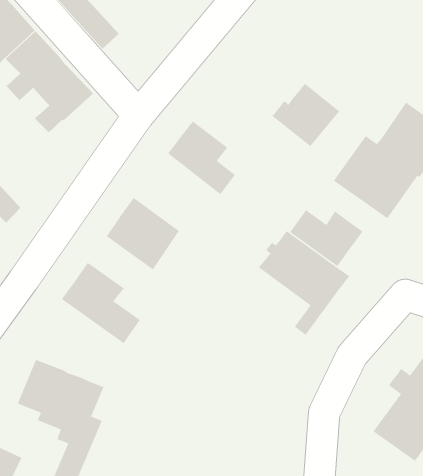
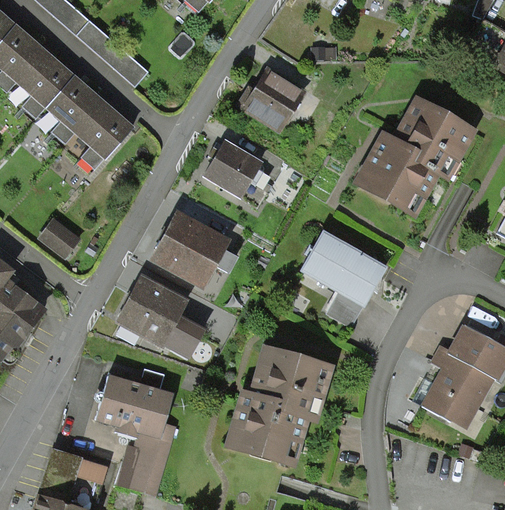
building: [271,83,340,147] -> [240,70,302,128]
building: [289,209,363,267] -> none
building: none -> [230,349,325,458]

